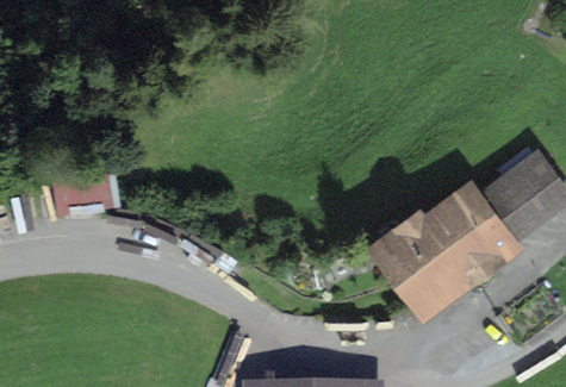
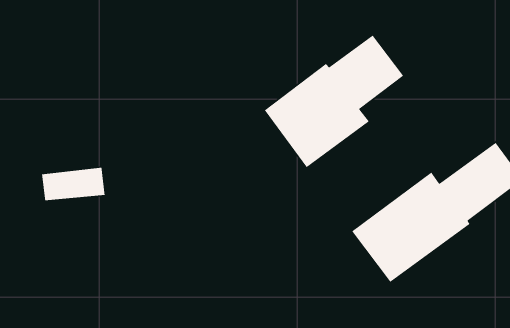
building: none -> [264,34,404,168]

